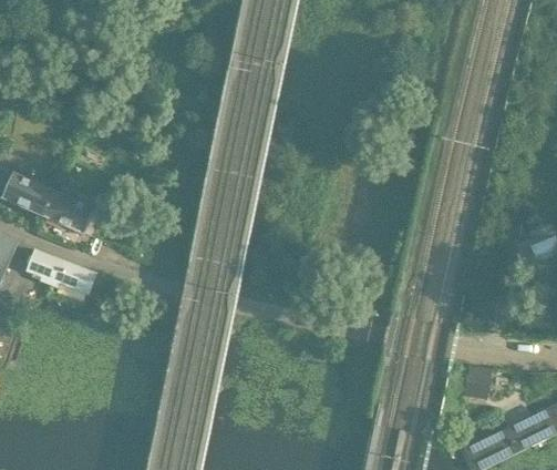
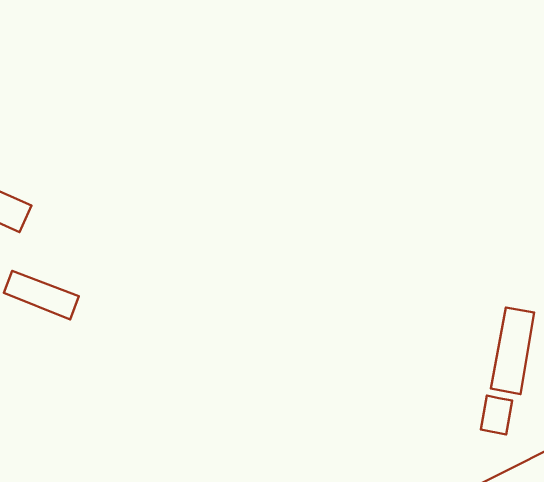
building: [43,192,96,235] -> none
building: none -> [491,307,534,394]

